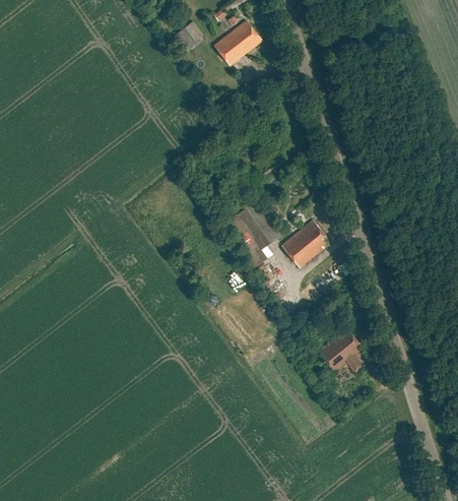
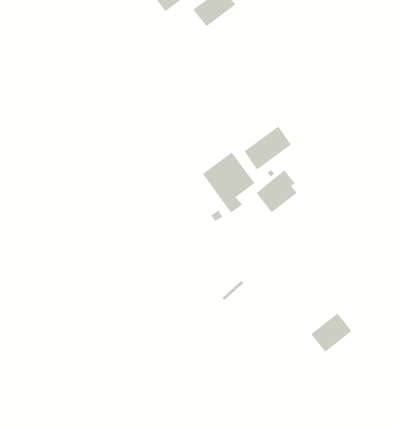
building: none -> [243,125,292,171]
building: [317,328,363,372] -> [310,312,353,353]

